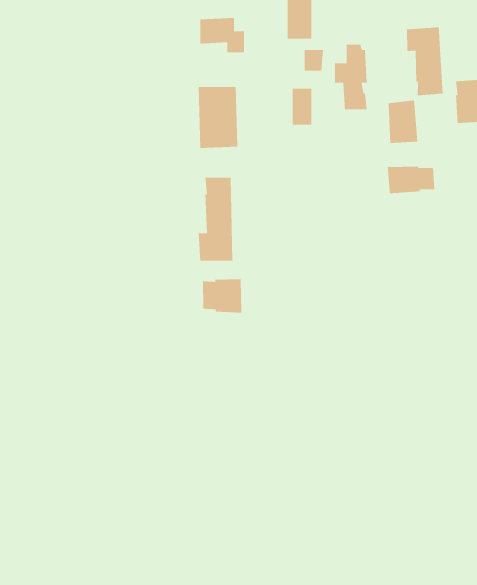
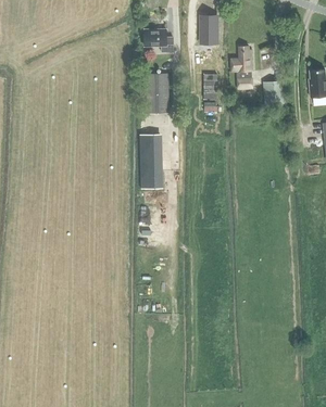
building: [407,26,443,96] -> none
building: [387,166,435,194] -> none
building: [202,279,242,314] -> none

